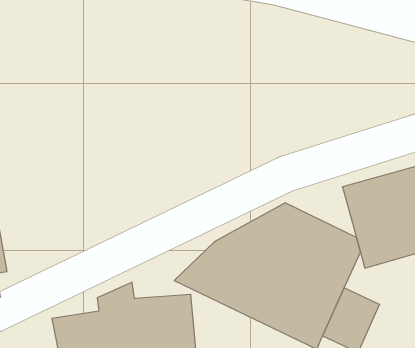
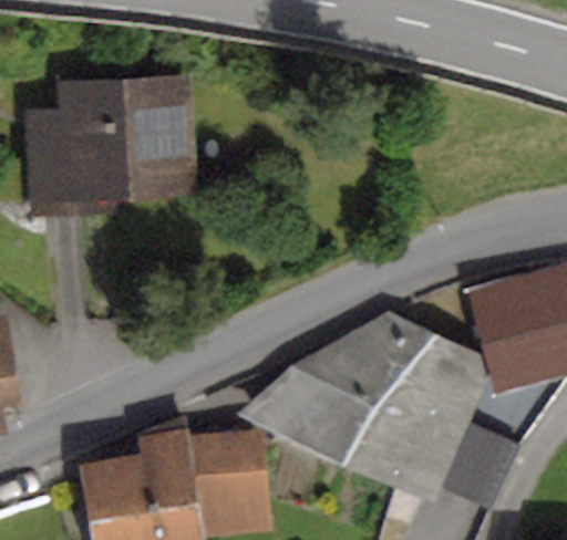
building: none -> [19,76,196,220]

